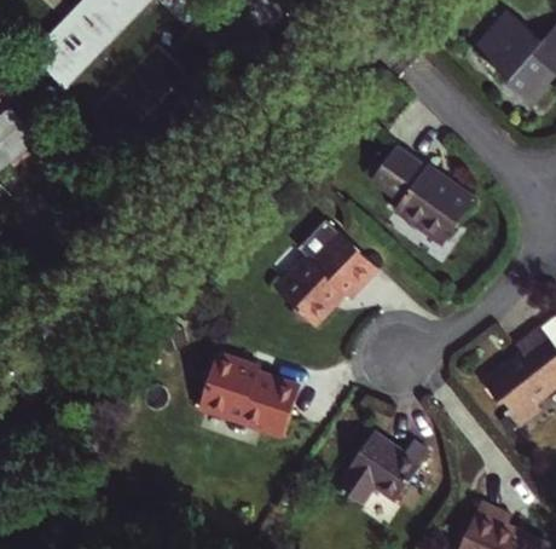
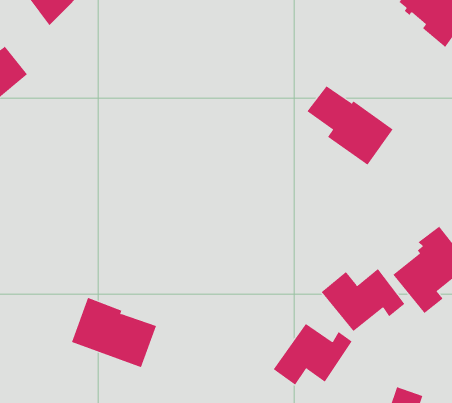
building: [279,227,378,320] -> none
building: [199,360,301,444] -> [71,297,157,368]
building: none -> [321,268,405,332]

